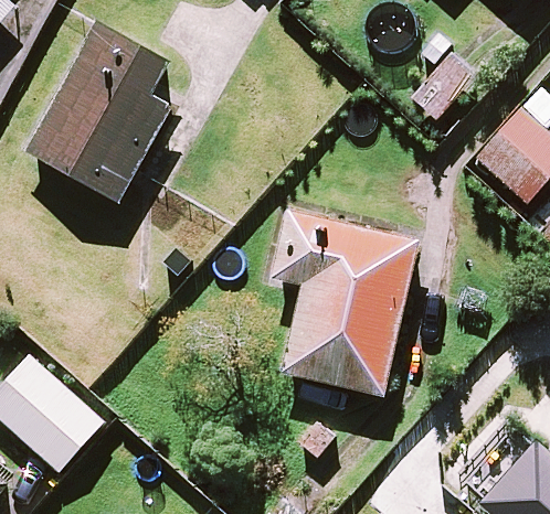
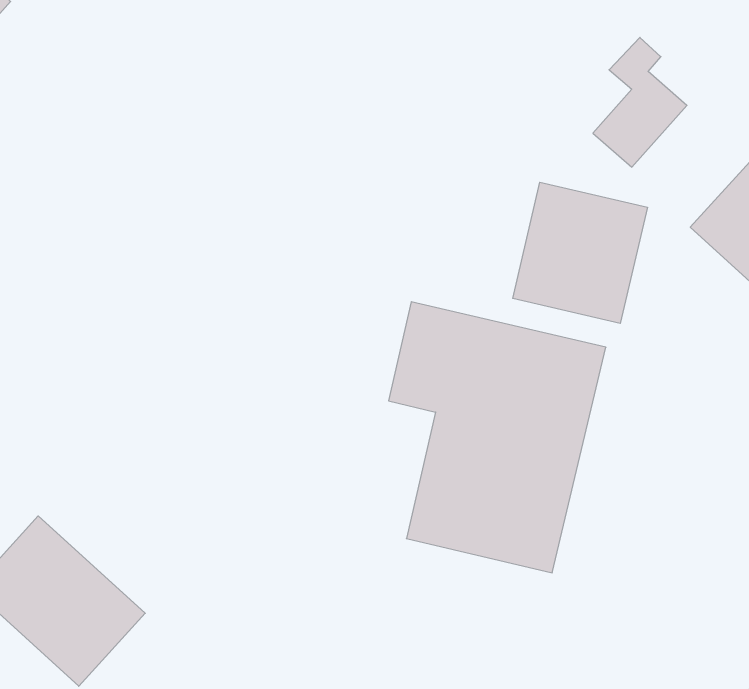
building: [24,26,172,202] -> none
building: none -> [513,182,647,323]

